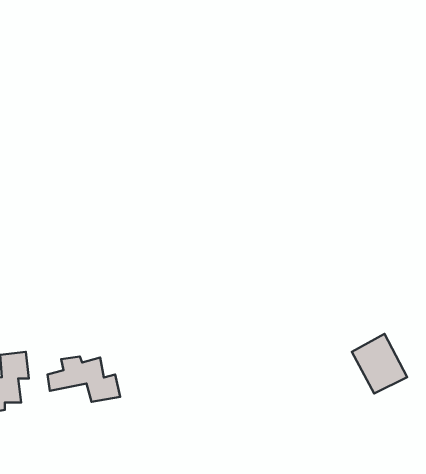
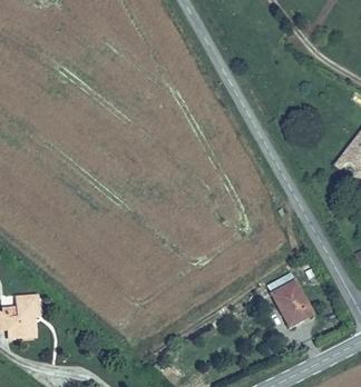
building: [47,357,120,402] -> none

